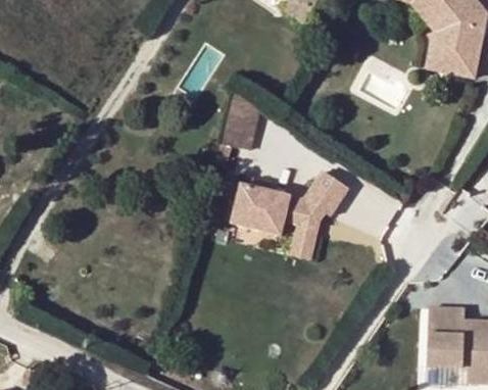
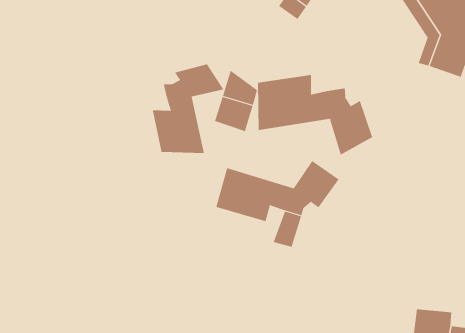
building: none -> [152,64,224,154]
building: none -> [258,74,373,155]

